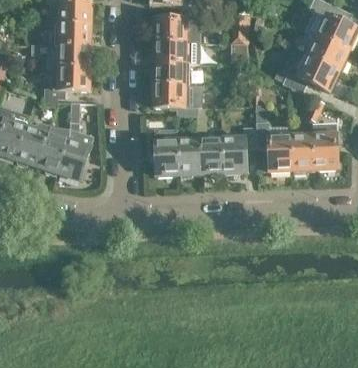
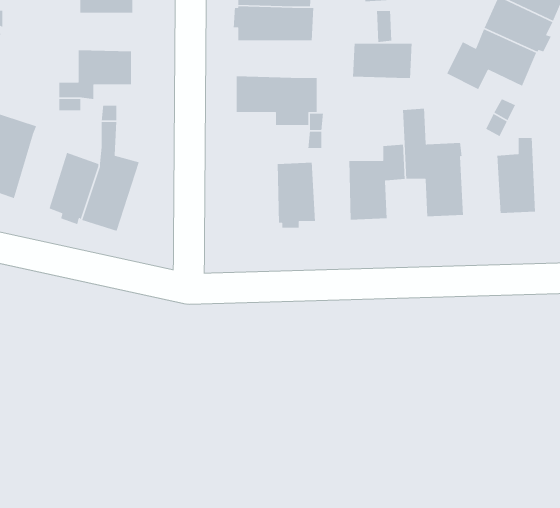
building: [27,44,91,68] -> none
building: [152,62,189,84] -> [352,43,412,79]
building: [16,119,50,166] -> none
building: [154,128,178,175] -> none
building: [290,132,314,172] -> none
building: [199,135,222,176] -> none

